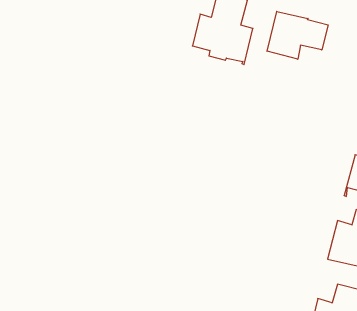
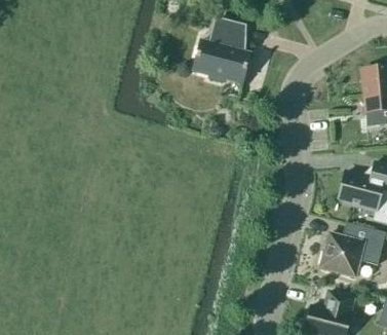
building: [267,11,328,59] -> none

